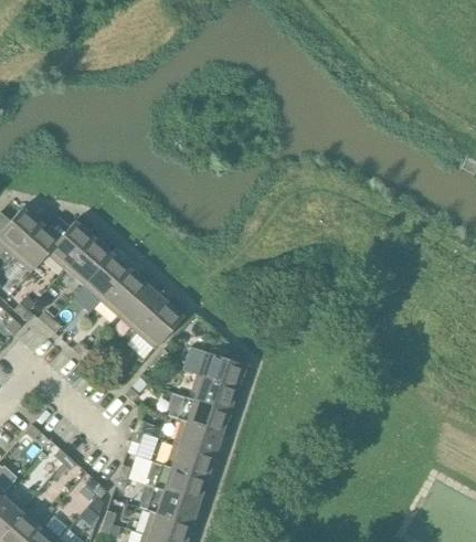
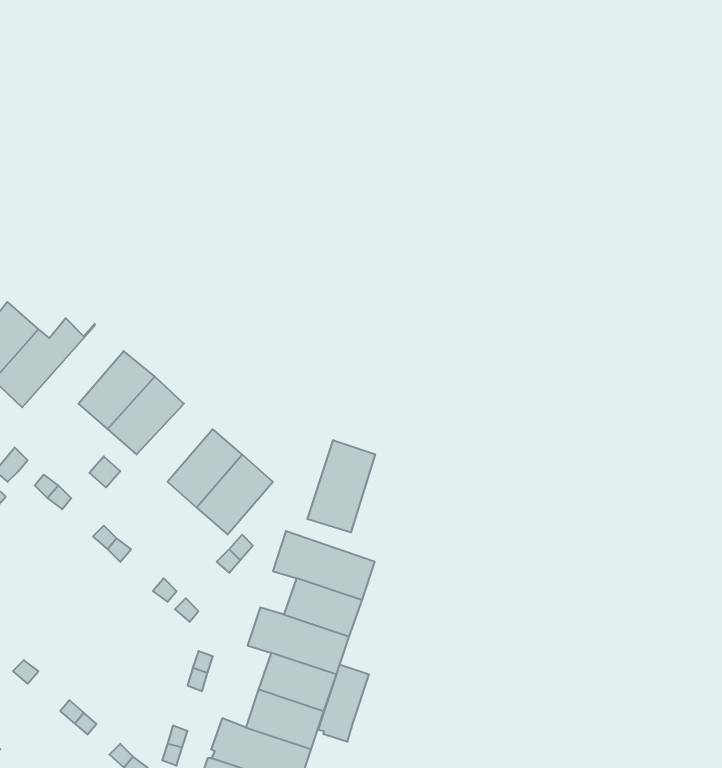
building: [31,222,93,272] -> none
building: [101,269,147,317] -> none
building: none -> [307,440,375,532]
building: none -> [318,665,369,742]

